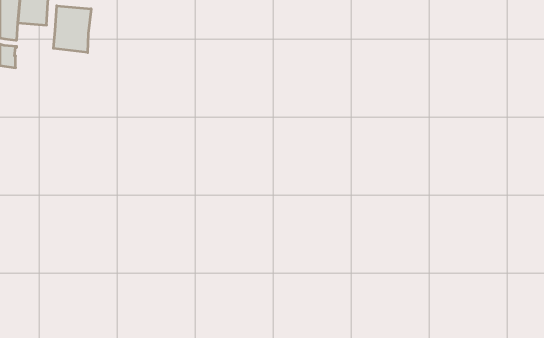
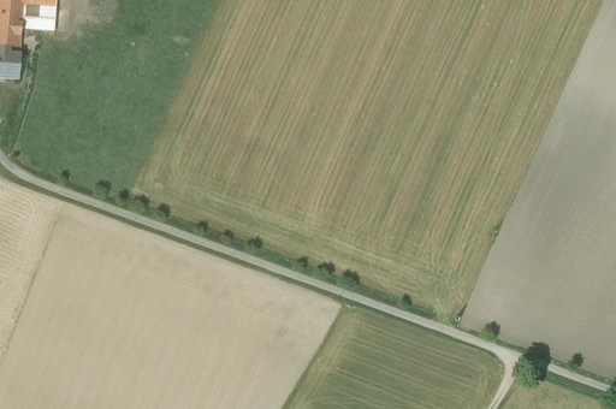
building: [53,6,91,53] -> none

